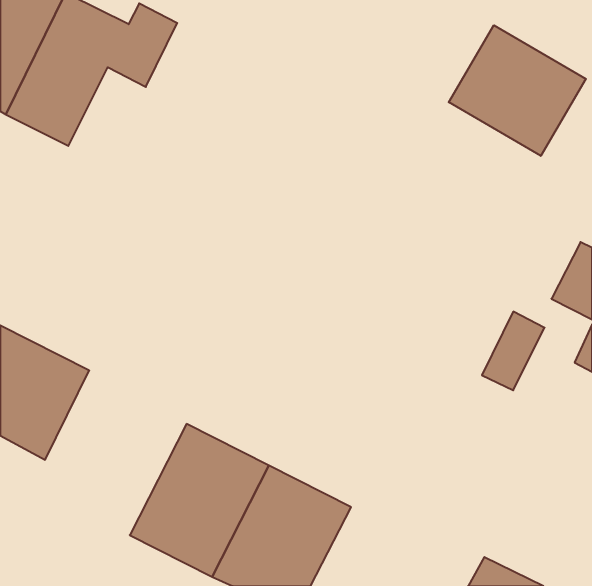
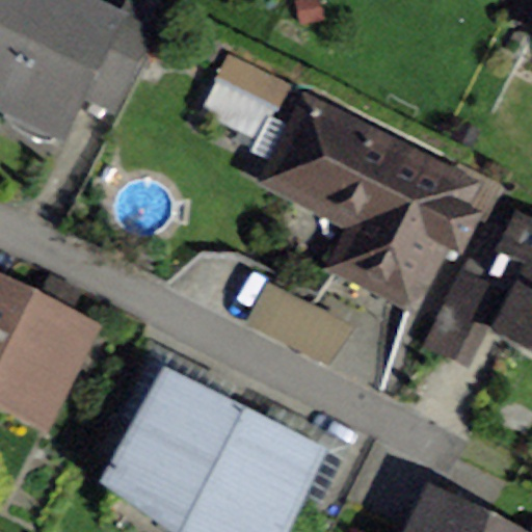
building: [449,25,586,156] -> none
building: none -> [202,53,466,299]

